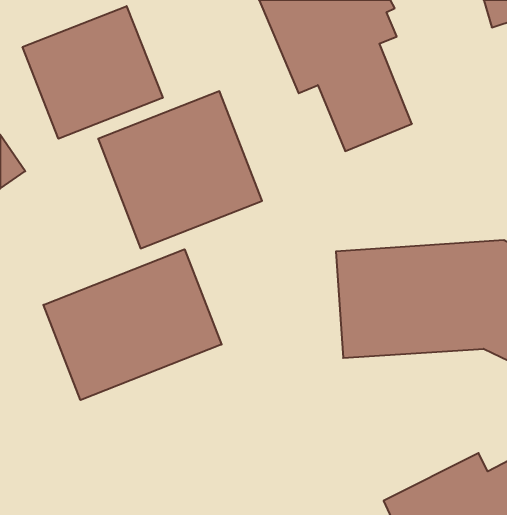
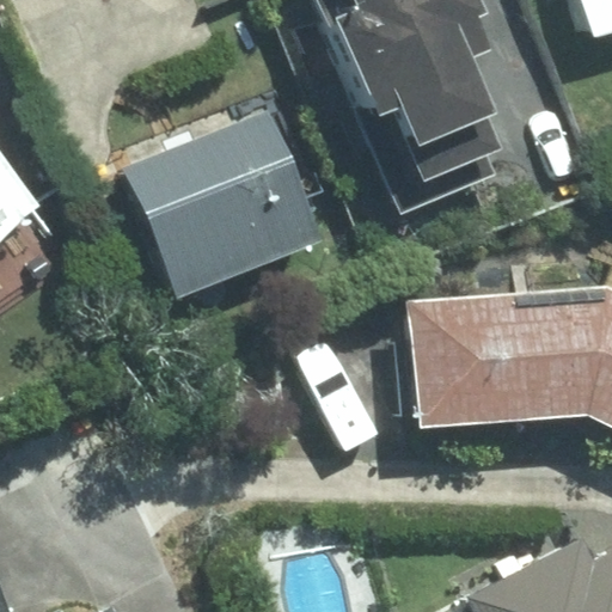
building: [23,6,163,139] -> none
building: [43,249,222,400] -> none

